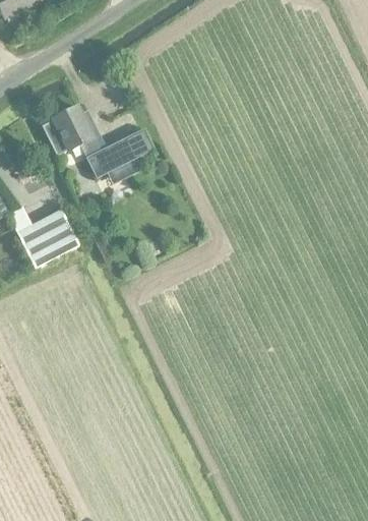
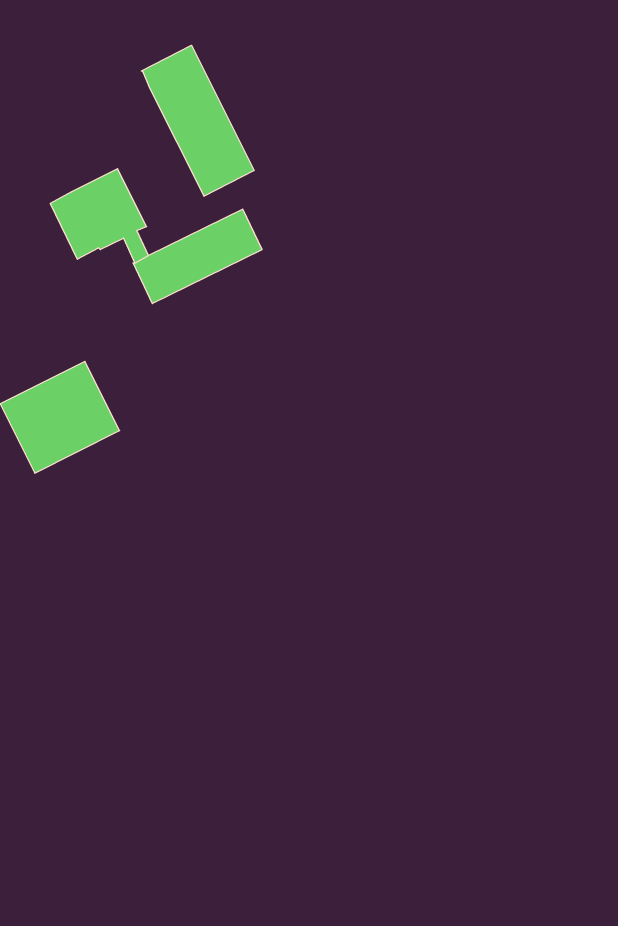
building: none -> [141,45,254,196]

